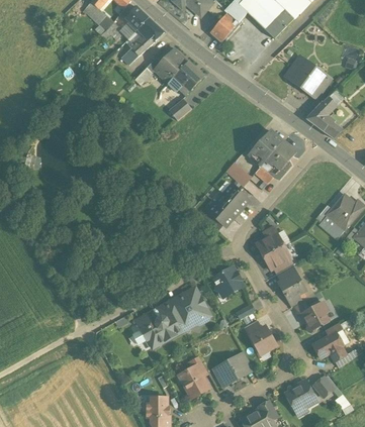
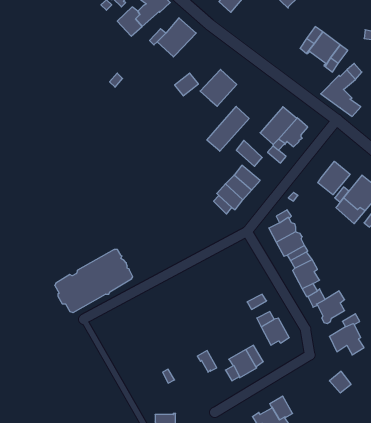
building: [170,62,204,96] -> [200,69,237,106]
building: none -> [207,106,249,151]
building: none -> [318,161,350,195]
building: [213,268,243,295] -> none
building: [138,289,210,347] -> [55,250,133,313]
building: [183,366,207,398] -> none
building: [286,381,316,410] -> none
building: [147,397,168,417] -> none

